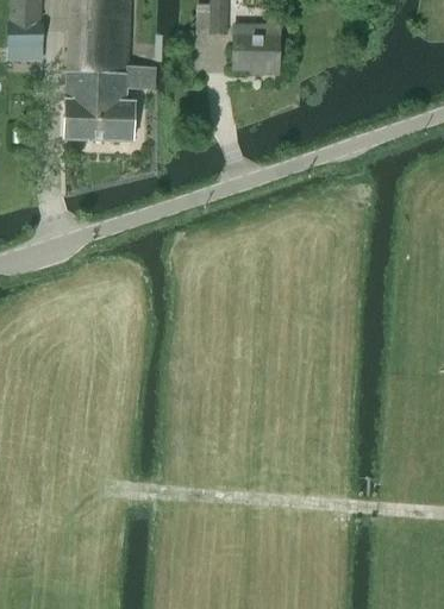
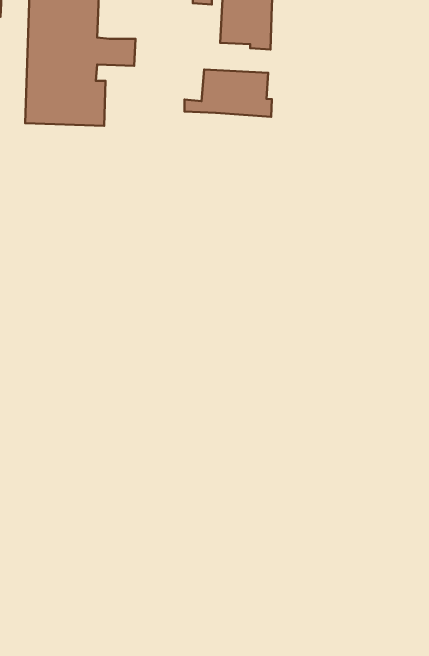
building: none -> [184,69,272,117]

